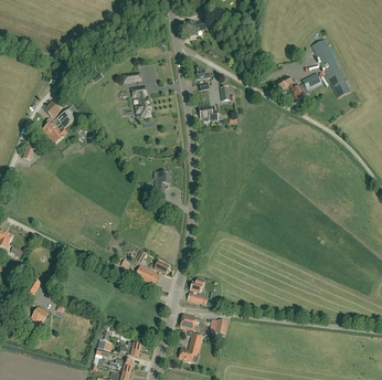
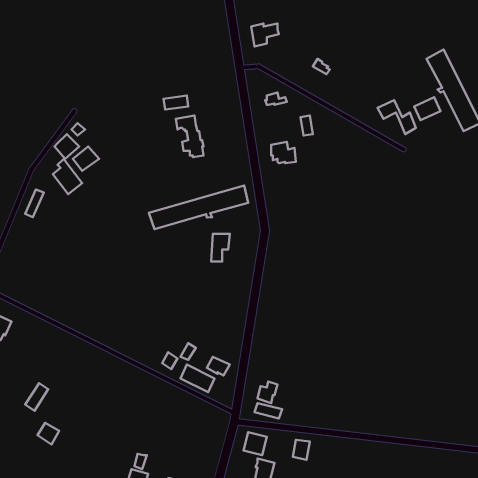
building: none -> [149,186,248,229]

